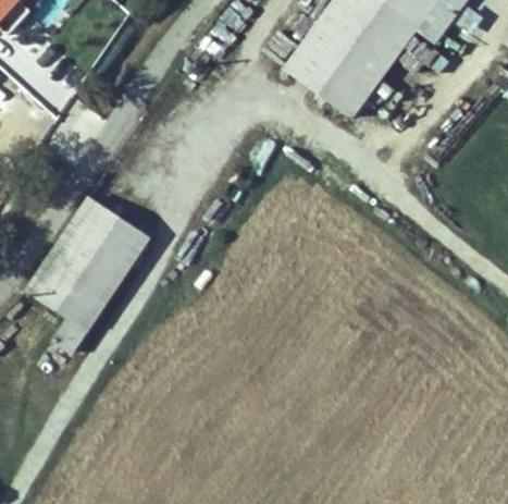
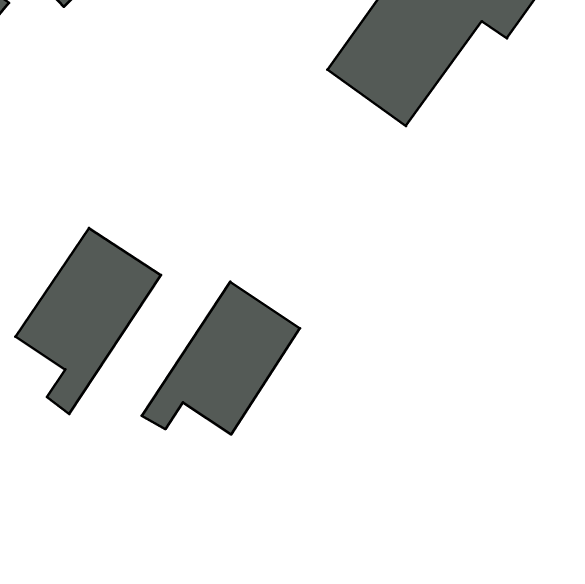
building: none -> [142,282,300,434]

